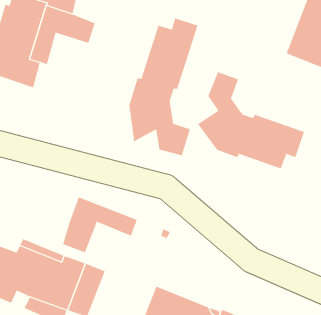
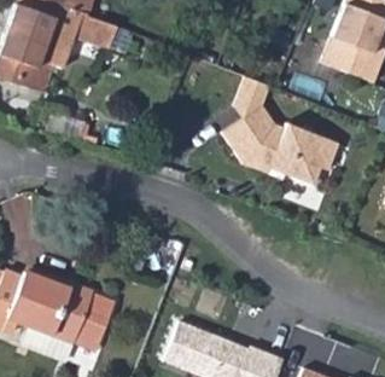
building: [129,17,198,156] -> none
building: [63,196,138,253] -> none

